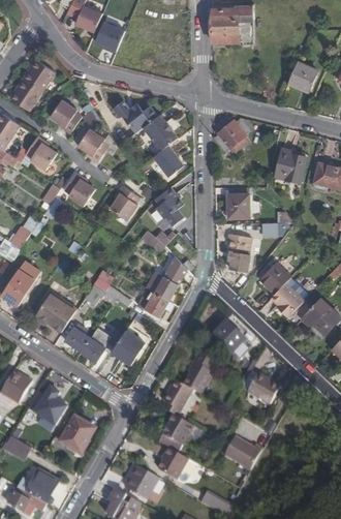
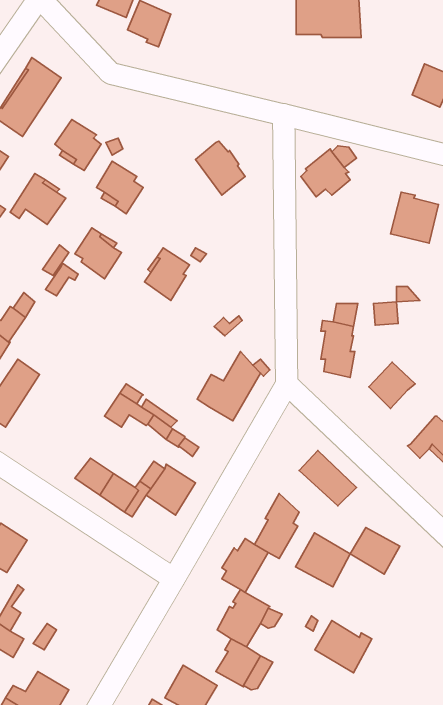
building: [113,99,157,132] -> none
building: [152,145,183,177] -> none
building: [154,186,184,225] -> none
building: [227,193,259,217] -> none
building: [270,280,304,316] -> none
building: [136,292,173,317] -> none
building: [35,294,75,331] -> none
building: none -> [295,533,350,587]
building: [30,394,61,430] -> none
building: [60,416,94,452] -> none

